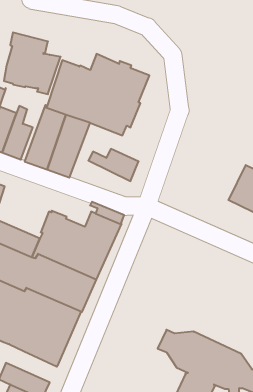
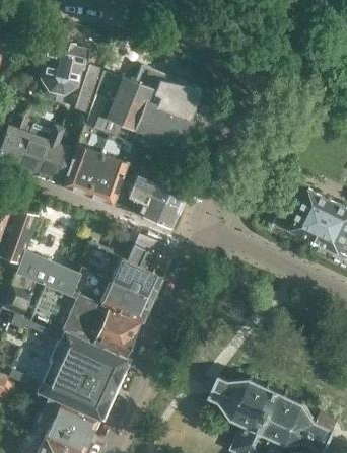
building: none -> [128,184,181,228]
building: none -> [38,392,97,436]

